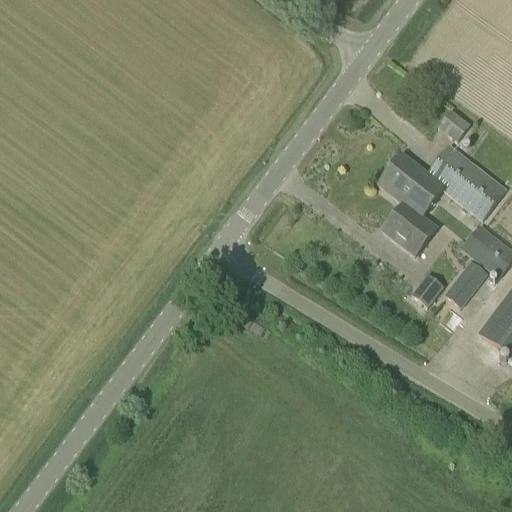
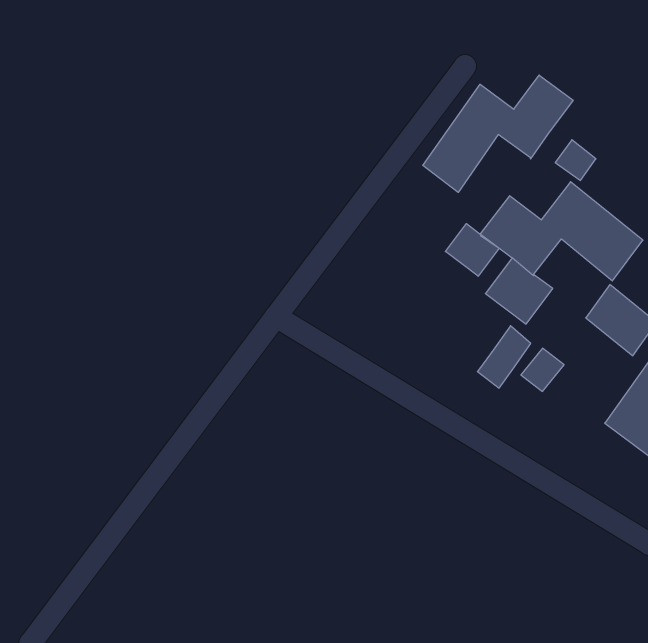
building: none -> [423,75,573,192]
building: none -> [445,224,499,276]
building: [445,260,487,309] -> [477,326,531,388]

